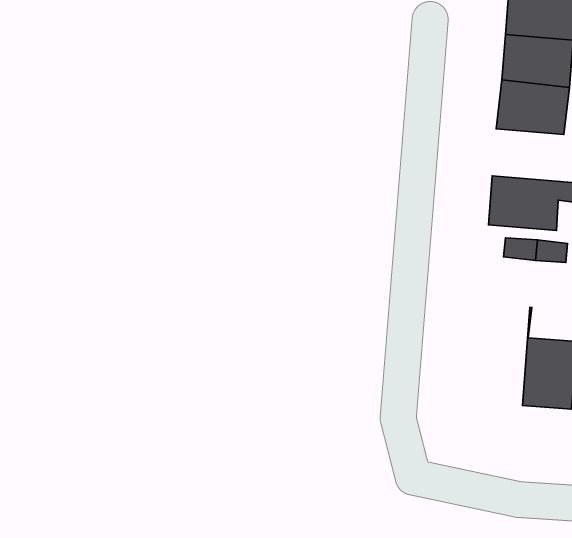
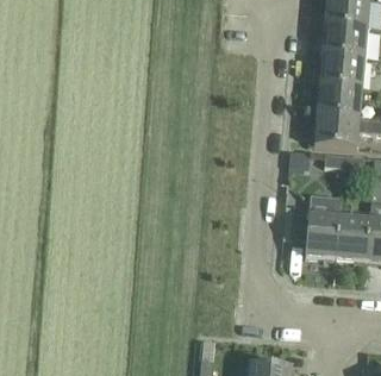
building: none -> [317,82,362,115]
building: none -> [292,193,341,257]

